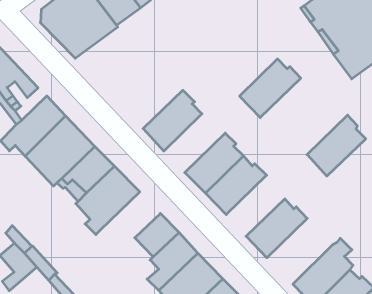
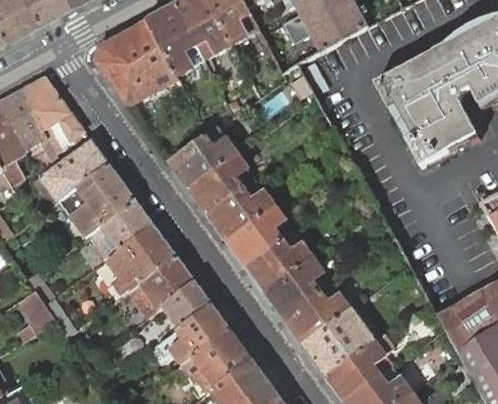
building: [240,59,301,118] -> [208,182,276,242]
building: none -> [169,127,237,189]
building: [307,115,366,176] -> [265,257,330,319]
building: none -> [128,256,195,316]
building: none -> [302,309,374,377]

